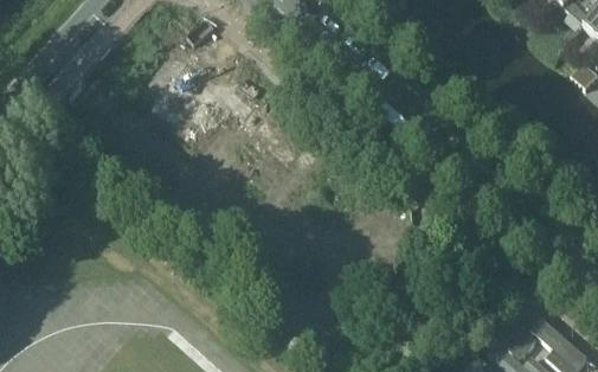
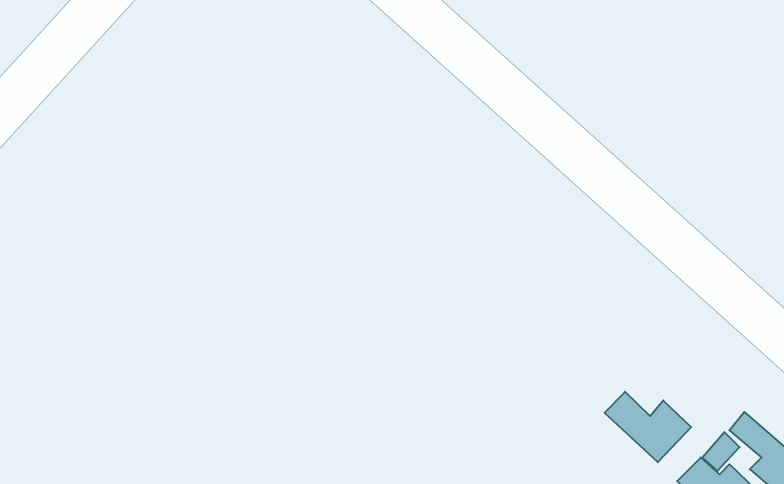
building: none -> [605,392,691,462]

